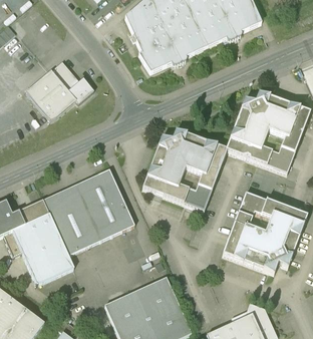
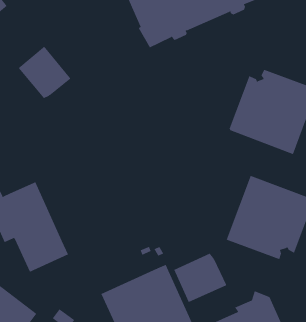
building: [51,61,94,104] -> none
building: [142,130,227,211] -> none
building: [43,168,134,255] -> none
building: none -> [174,253,227,303]

